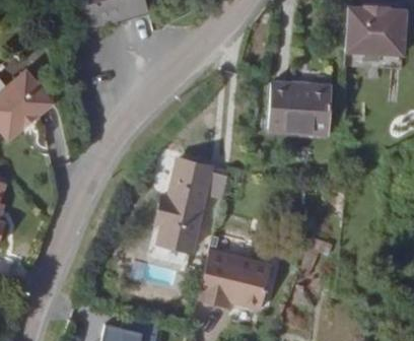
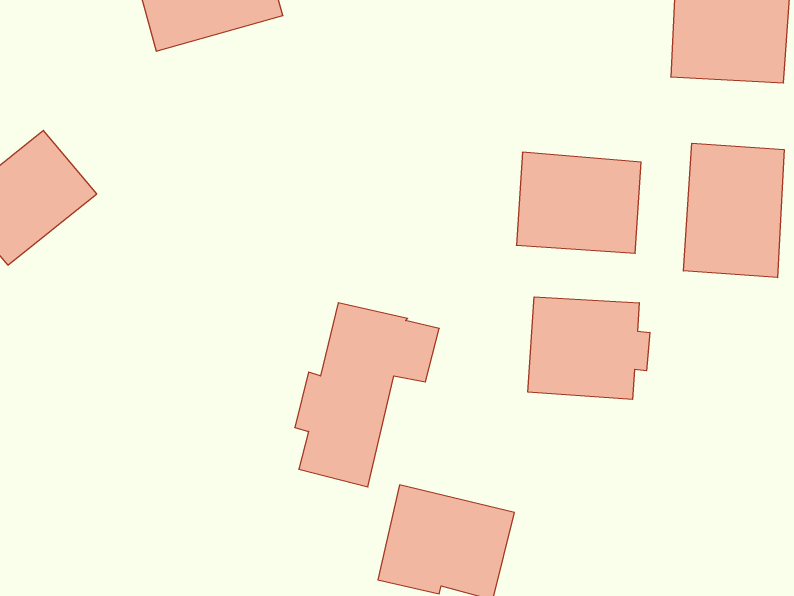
building: none -> [683,143,784,278]
building: none -> [528,297,650,399]

